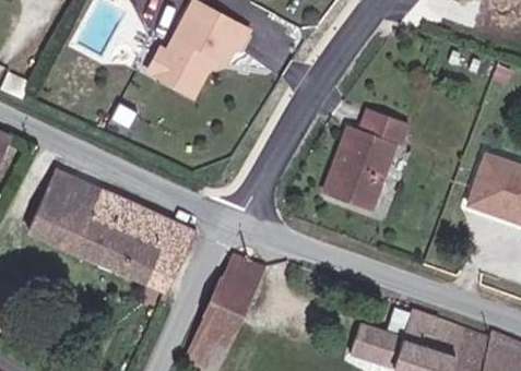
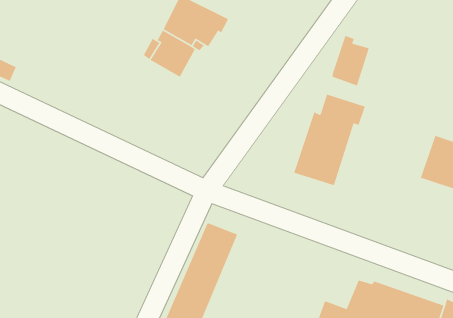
building: none -> [331,35,370,86]
building: [28,171,186,287] -> none

